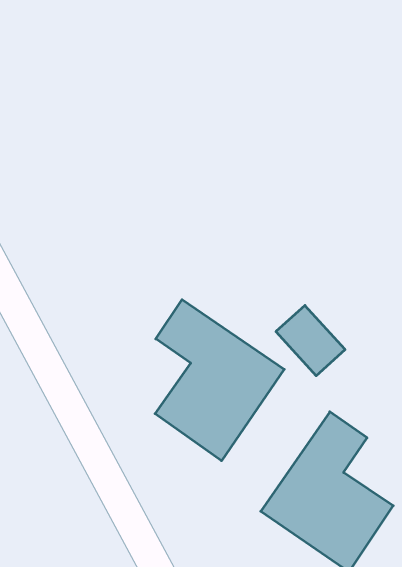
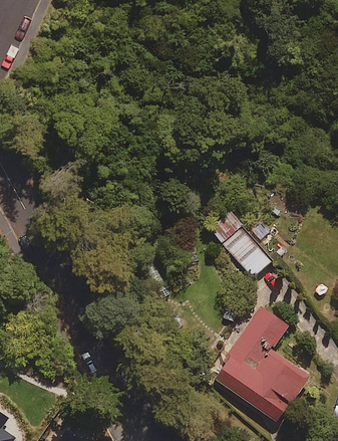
building: [155,300,284,461] -> none

